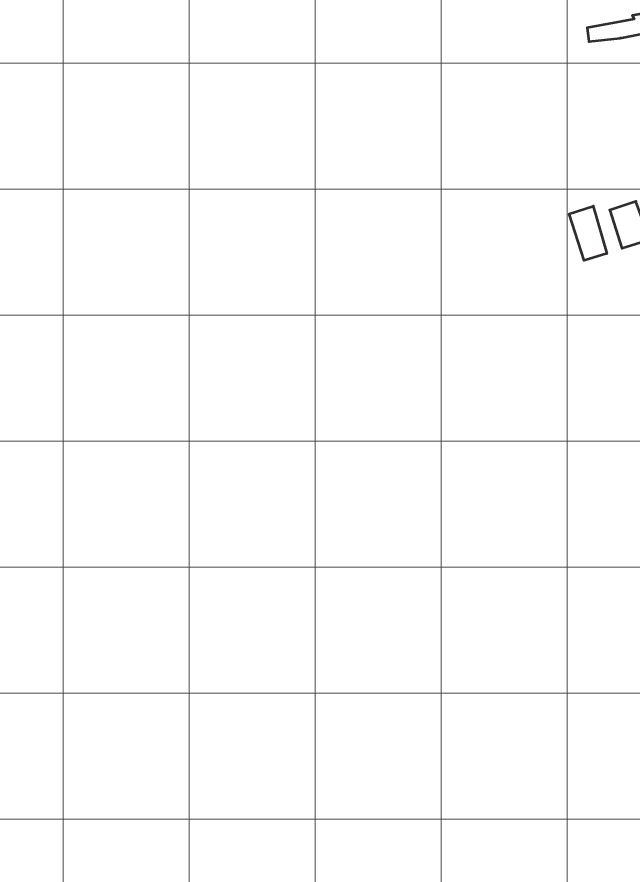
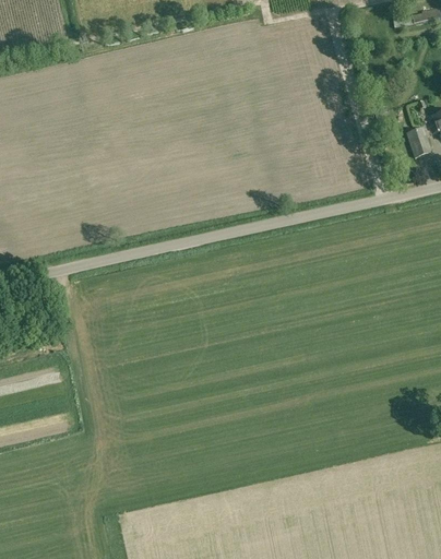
building: [569,206,607,260] -> none

